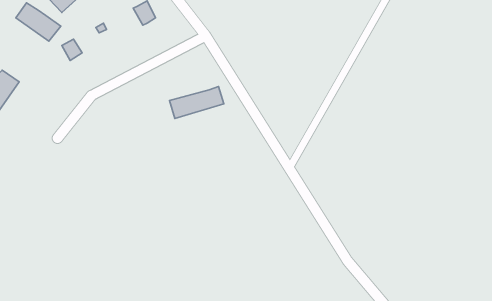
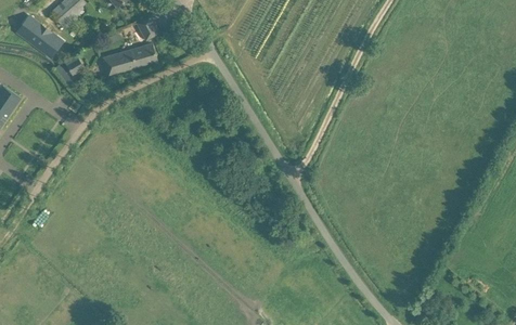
building: [170,87,224,119] -> [102,44,157,77]

